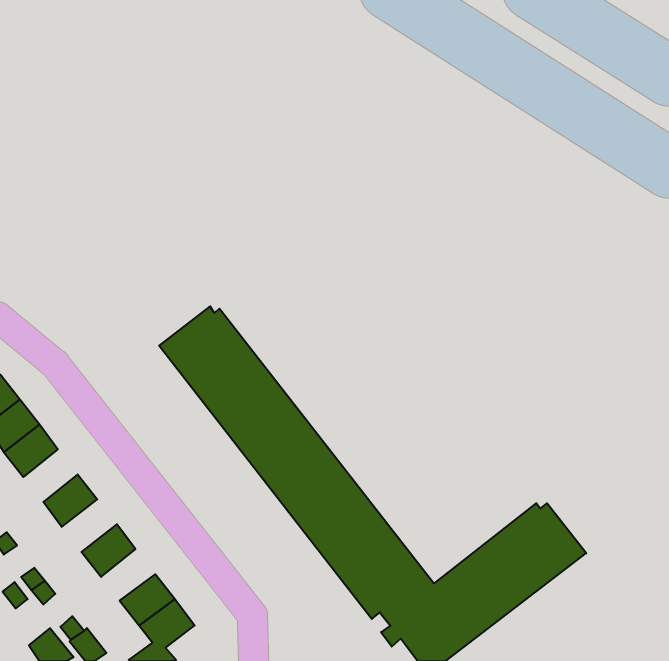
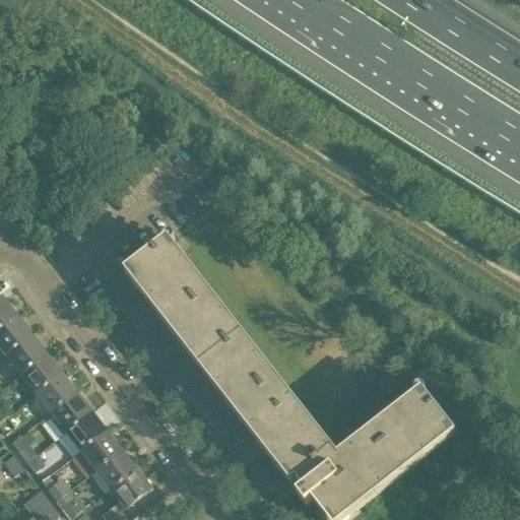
building: none -> [18,347,60,388]
building: none -> [48,386,90,427]
building: none -> [78,425,120,464]

